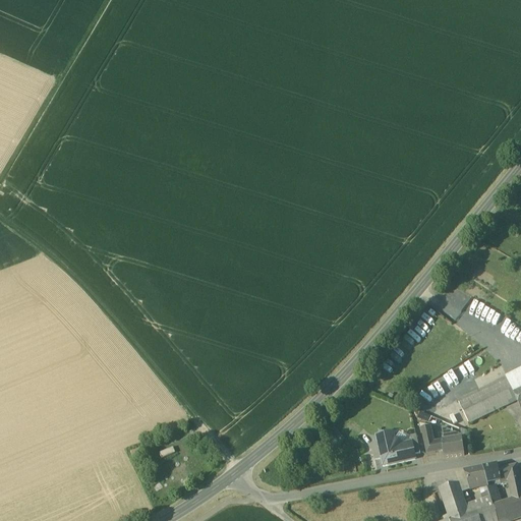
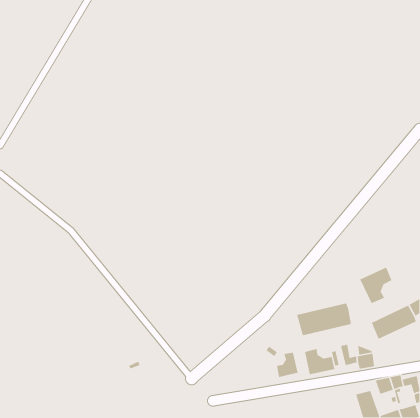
building: none -> [359,267,393,304]
building: none -> [296,302,352,336]
building: none -> [276,352,298,378]

